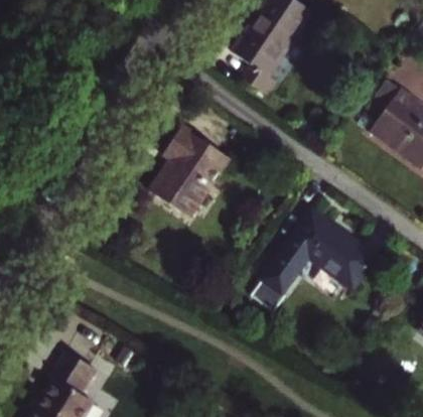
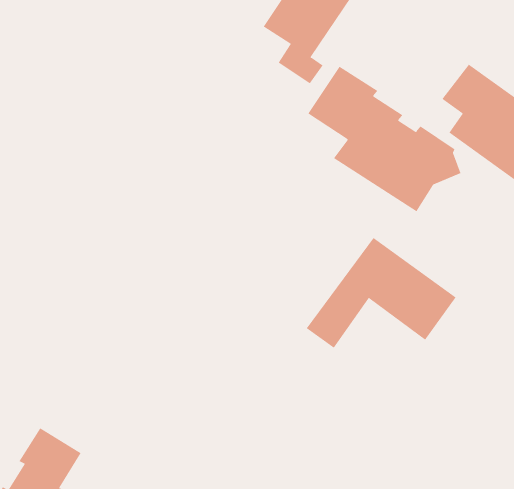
building: none -> [308,66,461,212]
building: [153,127,232,219] -> none

